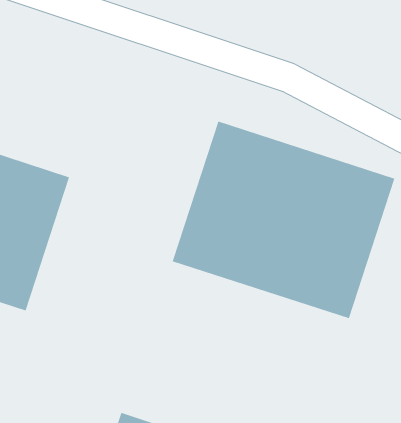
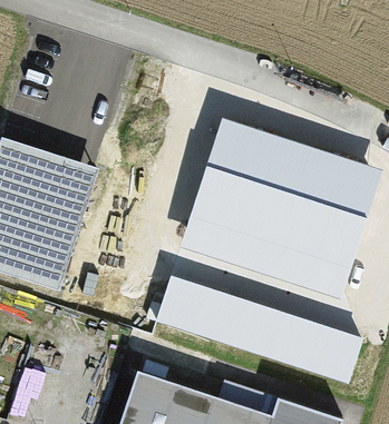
building: none -> [159,278,360,378]

